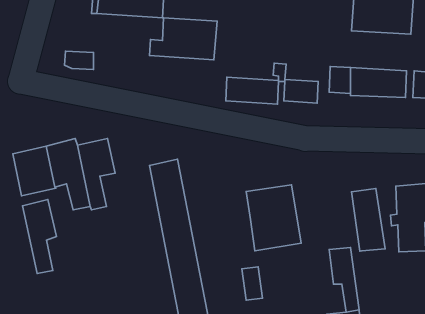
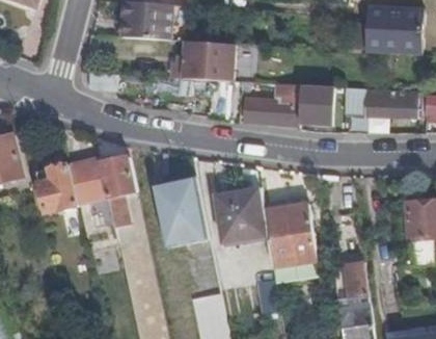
building: none -> [209,188,267,243]
building: [352,189,385,251] -> none
building: [22,199,56,274] -> none

